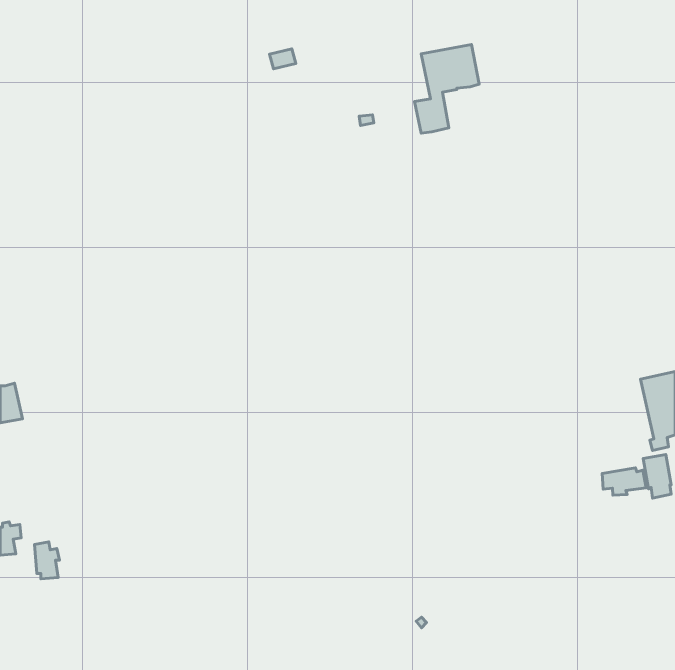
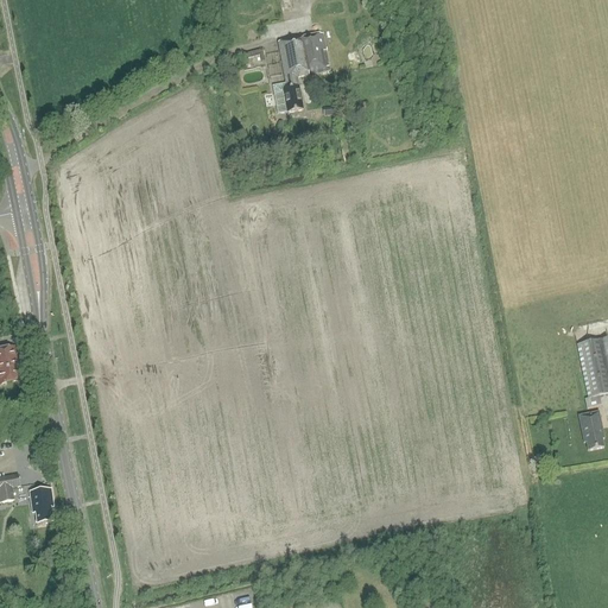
building: [415,45,479,133] -> [272,31,330,110]
building: [602,468,646,495] -> none

